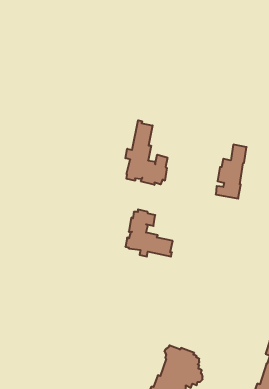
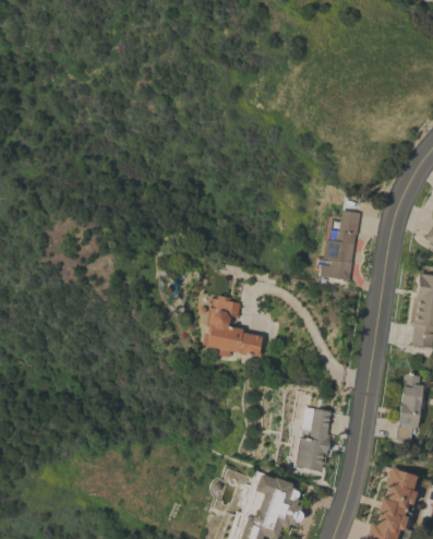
building: [125,120,167,185] -> none
building: none -> [294,408,332,471]

